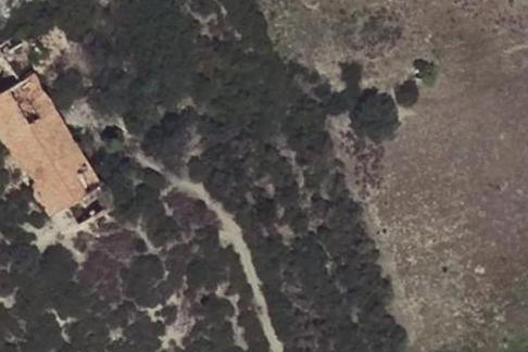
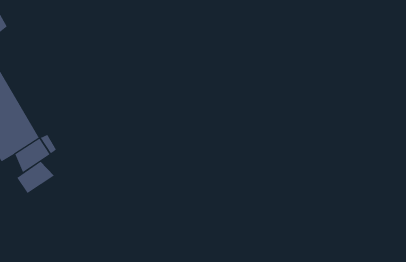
building: none -> [16,161,55,194]

